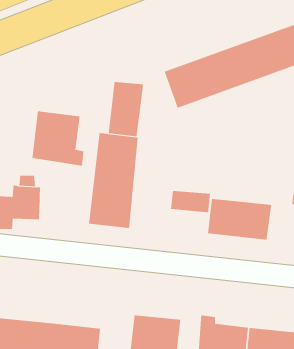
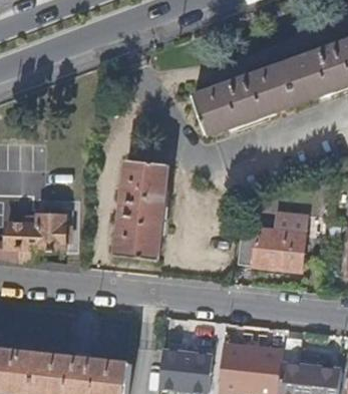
building: [108,81,144,137] -> none
building: [32,111,84,166] -> none
building: [170,191,211,213] -> [264,212,306,235]

